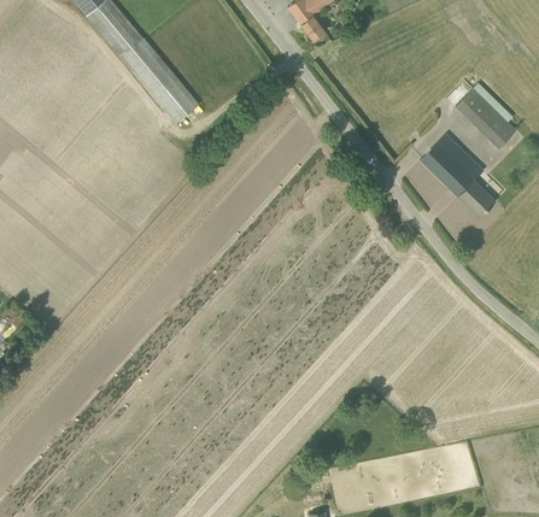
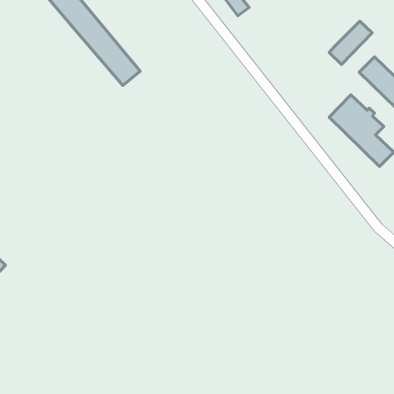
building: none -> [329,21,372,64]

